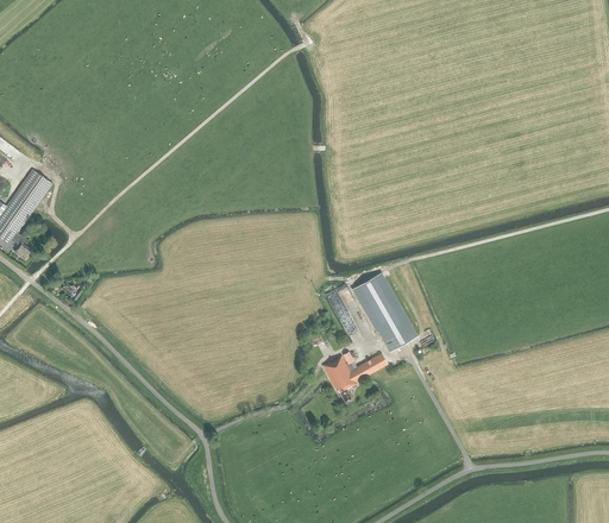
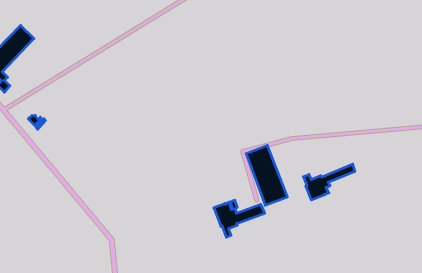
building: none -> [303,164,355,200]

